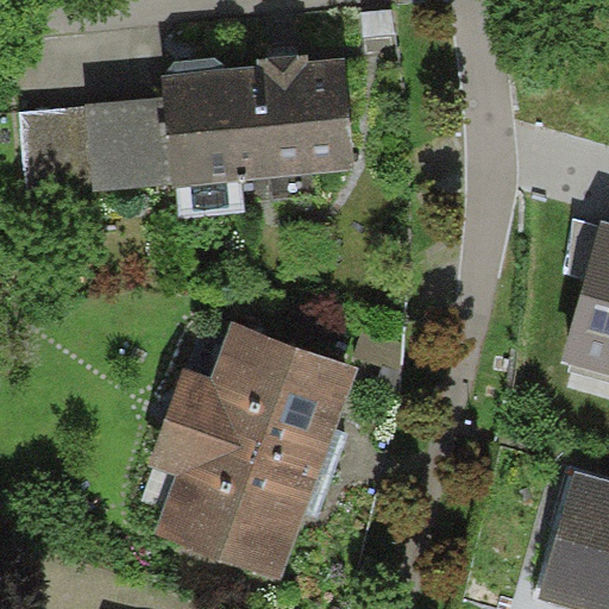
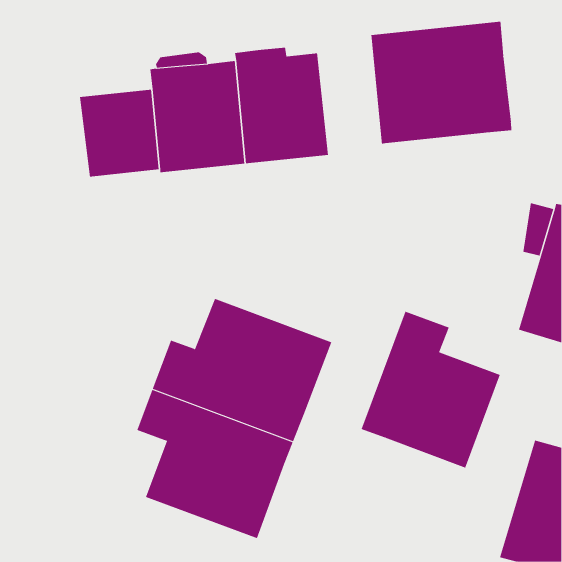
building: none -> [371,21,512,145]
building: [17,105,96,200] -> none
building: none -> [361,311,501,469]

